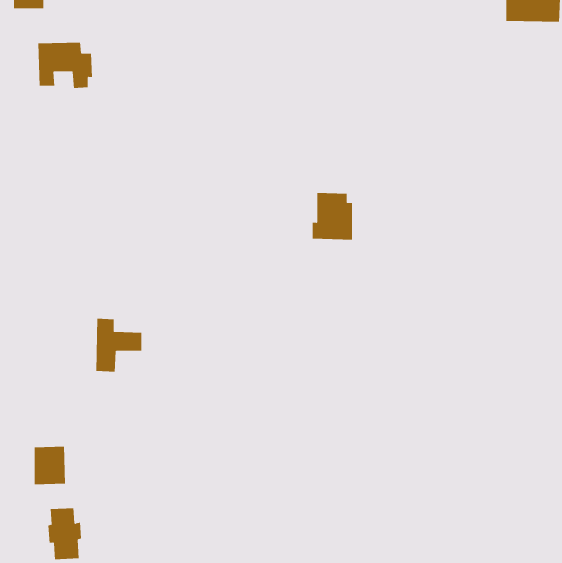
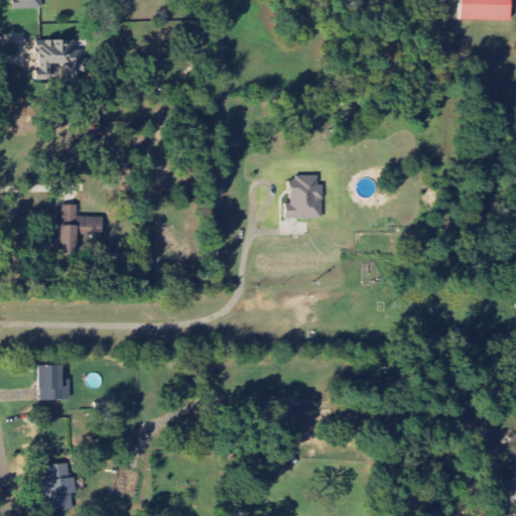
building: [96,318,142,372] -> [59,204,102,253]
building: [34,446,66,485] -> [38,364,68,399]

